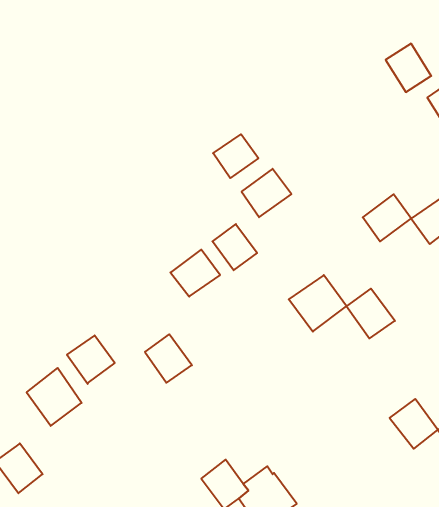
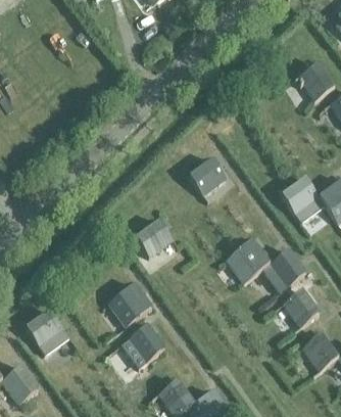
building: [213,134,258,178] -> none
building: [212,224,257,270] -> none
building: [67,335,115,384] -> none
building: none -> [283,289,318,326]
building: none -> [128,325,163,362]

